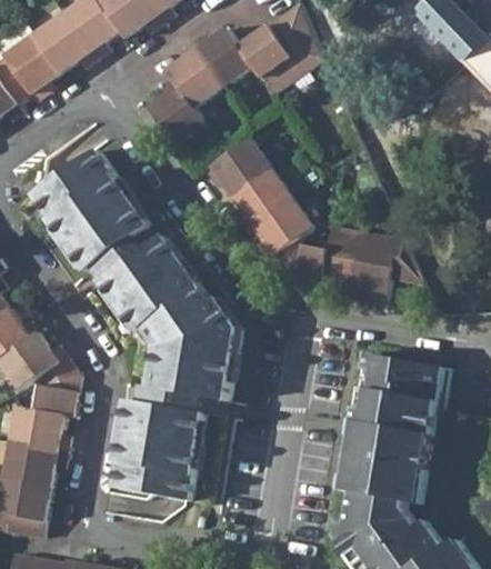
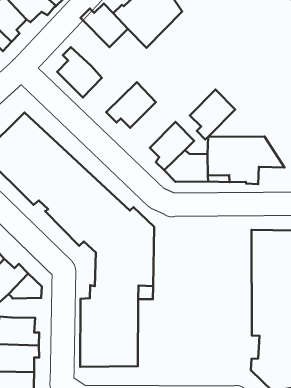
building: [164,41,220,106] -> none
building: [229,167,289,229] -> [190,90,235,140]
building: [33,389,76,420] -> none

